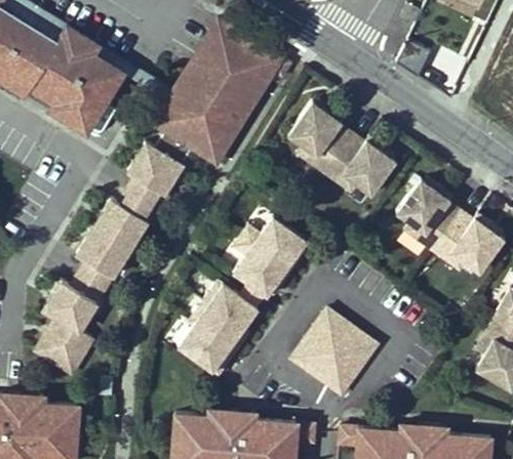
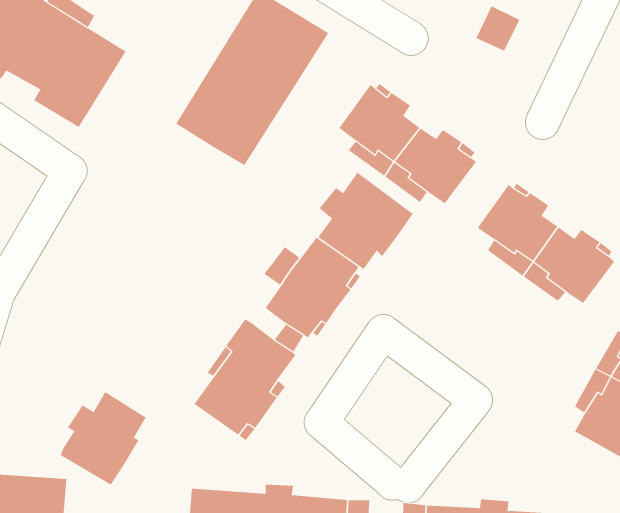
building: [34,133,191,375] -> none
building: none -> [318,172,413,270]
building: [289,318,376,404] -> none
building: none -> [60,391,146,486]

